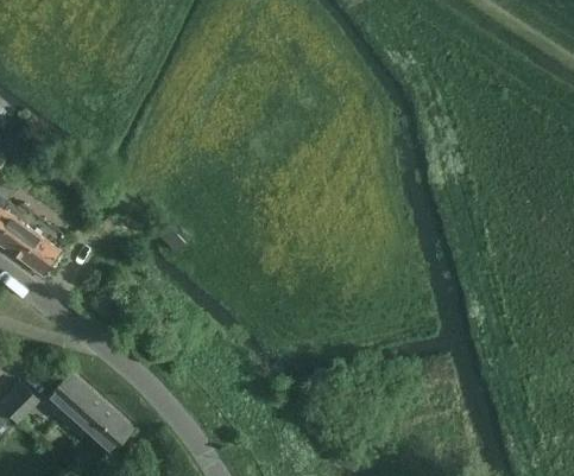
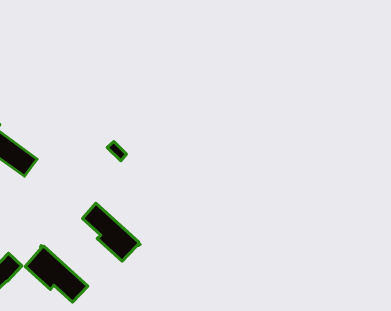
building: none -> [82,203,140,261]

